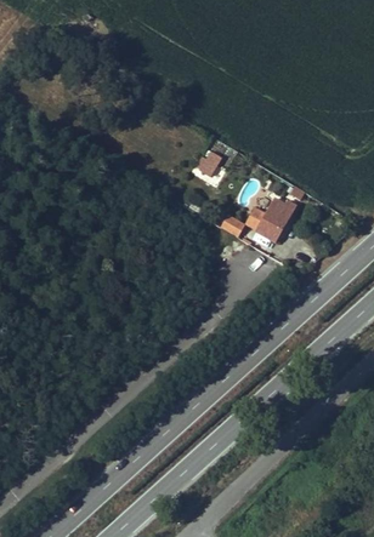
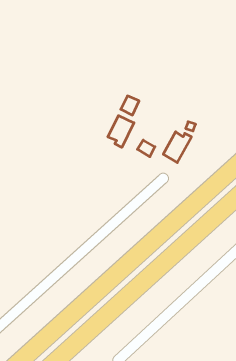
building: none -> [108,116,134,147]

